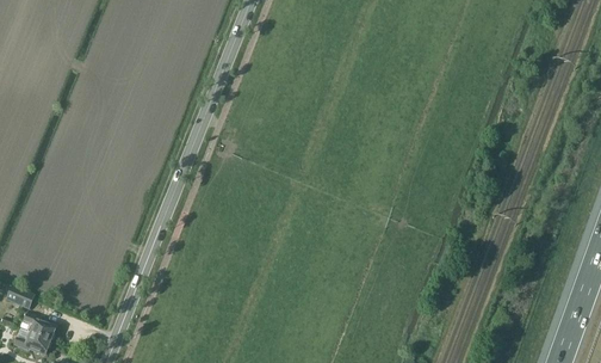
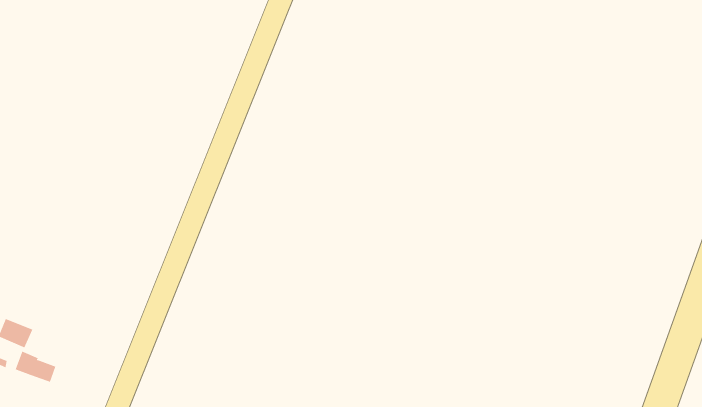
building: [14,328,50,353] -> none

